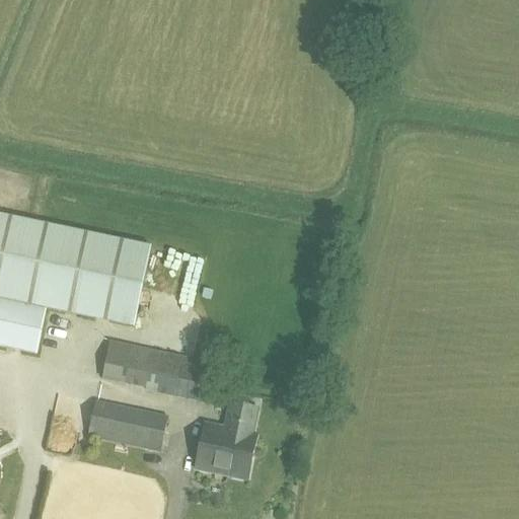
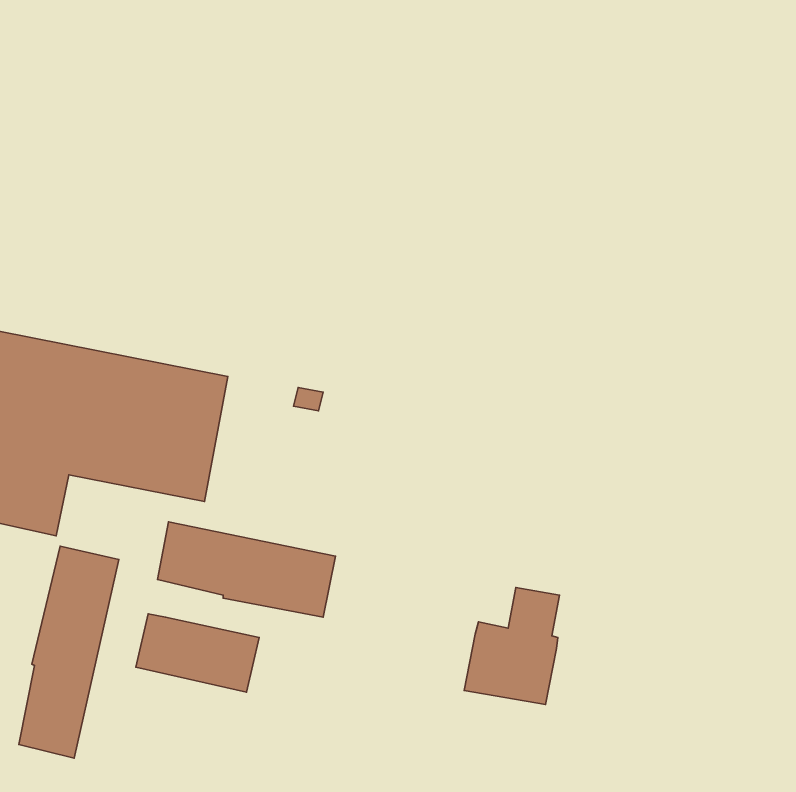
building: none -> [19,546,119,758]
building: [196,399,257,475] -> [464,587,560,705]

